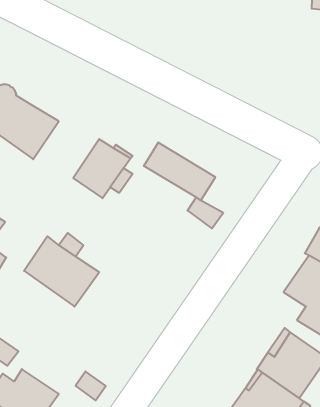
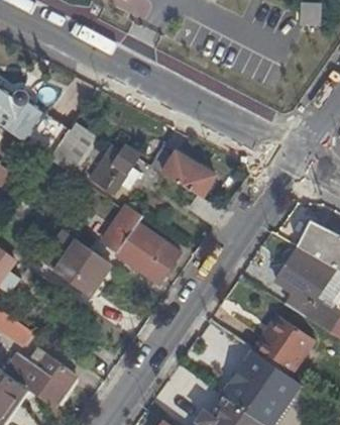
building: none -> [49,122,94,173]
building: none -> [100,204,180,284]

